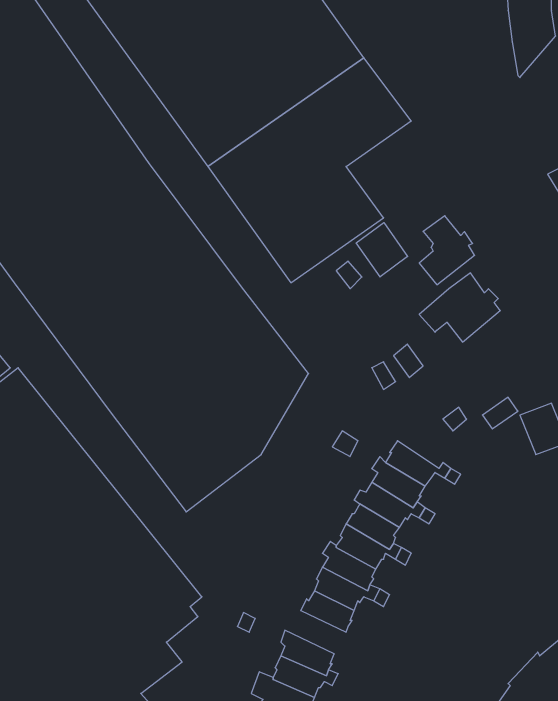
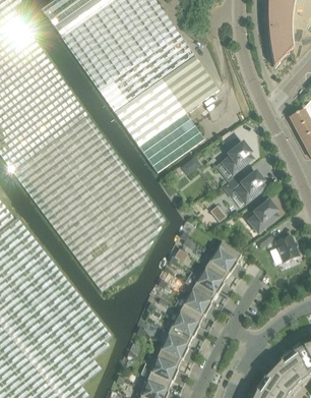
building: [356,223,408,277] -> none
building: none -> [249,196,278,232]
building: none -> [212,242,241,269]
building: none -> [154,342,192,364]

